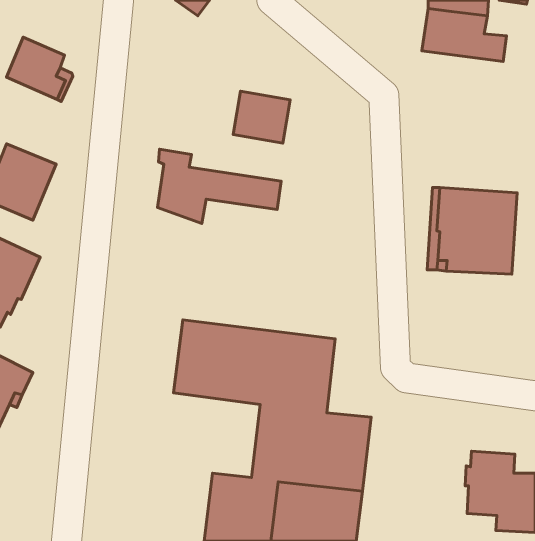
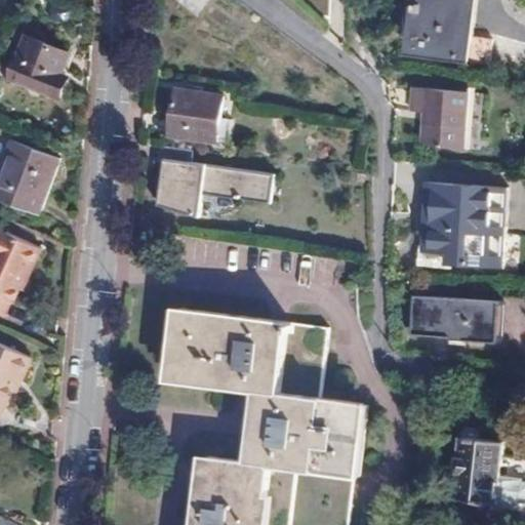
building: [233,91,290,143] -> [167,89,223,139]
building: none -> [407,89,465,150]
building: none -> [408,295,493,348]

